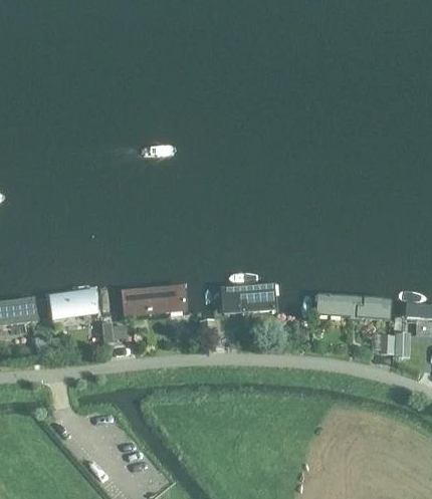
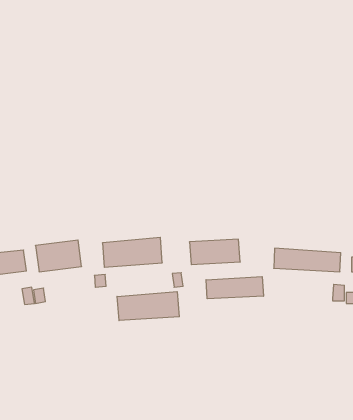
building: none -> [206,277,263,299]
building: none -> [117,292,179,321]

